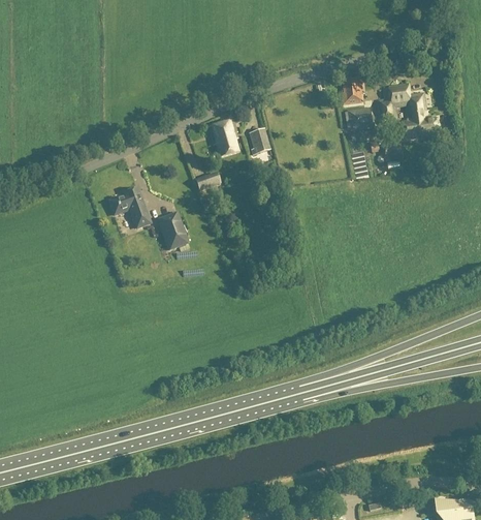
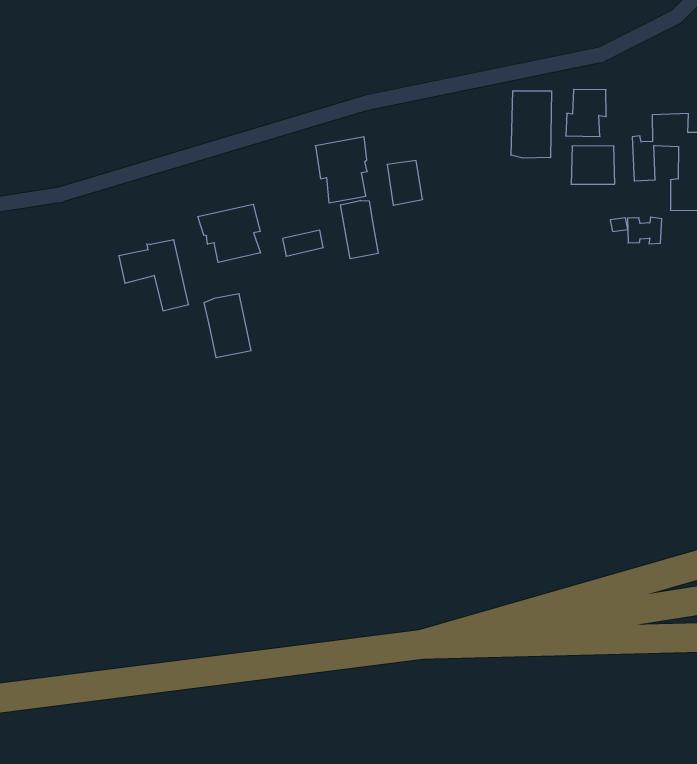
building: none -> [511,91,551,158]
building: none -> [341,200,378,259]
building: none -> [198,204,260,262]

